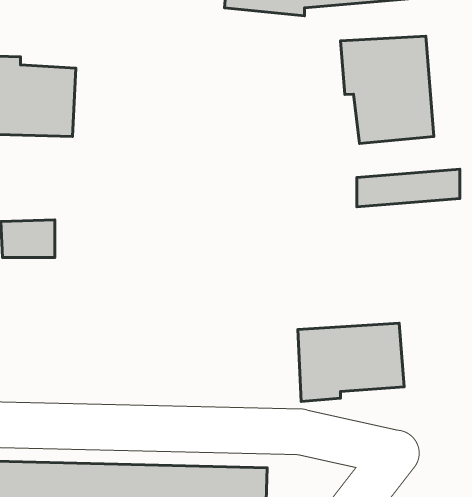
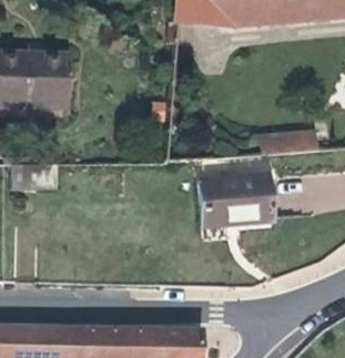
building: [341,36,434,143] -> none
building: [298,323,404,401] -> [201,177,273,231]

